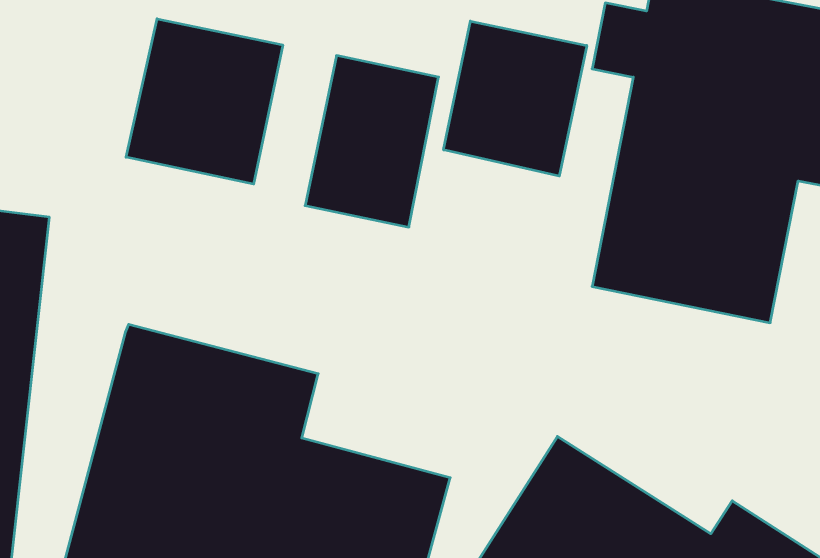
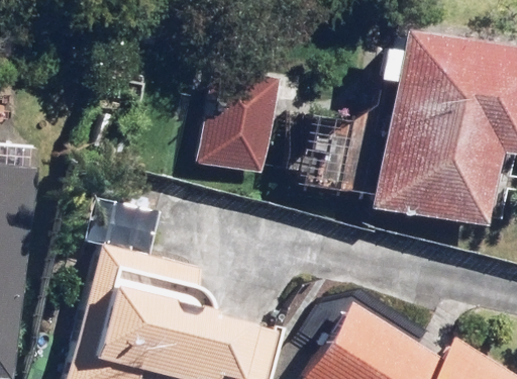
building: [126,19,283,184] -> none
building: [444,21,587,176] -> none

